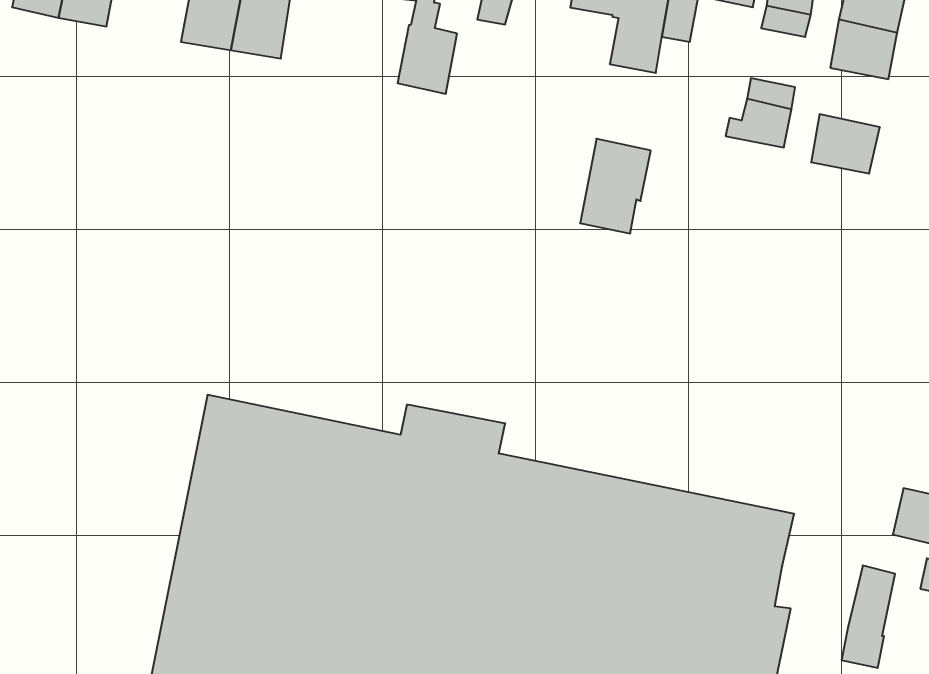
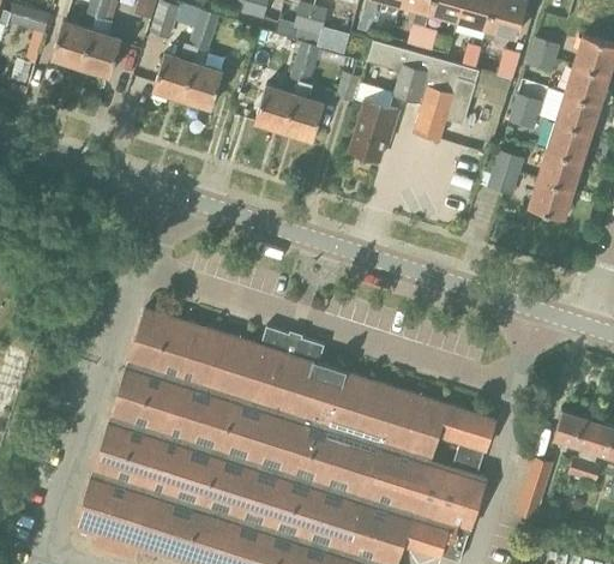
building: none -> [253,86,293,131]
building: none -> [537,150,582,190]
building: [580,139,651,233] -> [349,101,397,161]

